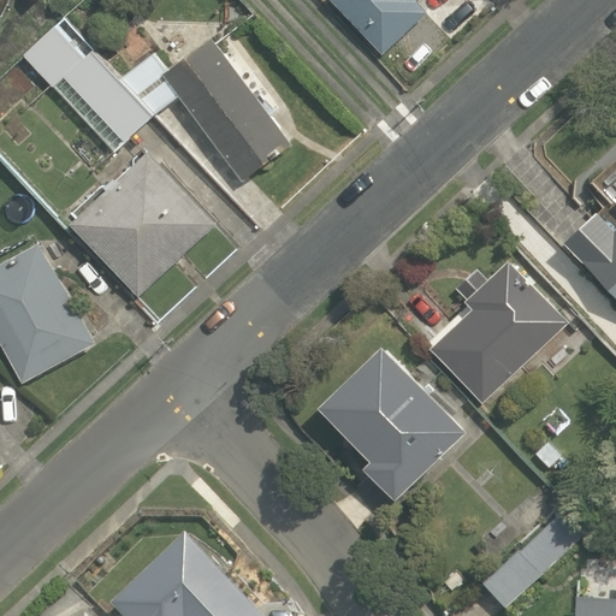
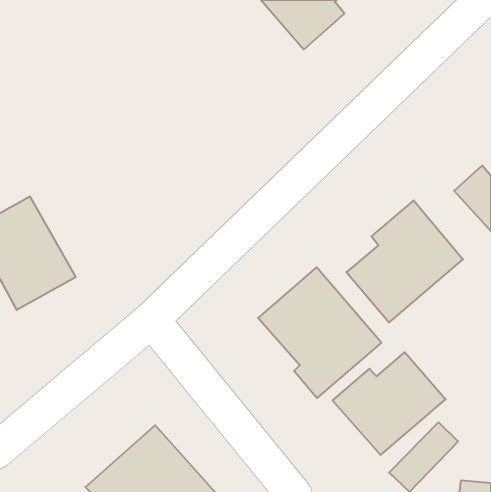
building: [17,16,291,186] -> none
building: [57,142,212,297] -> none
building: none -> [333,352,446,455]

